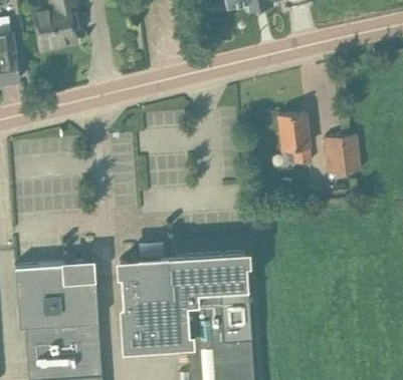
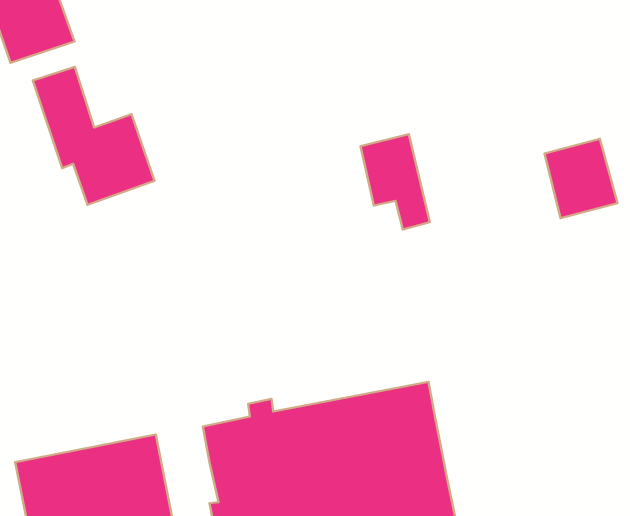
building: none -> [33,67,155,205]
building: [278,115,311,166] -> [360,134,430,230]

